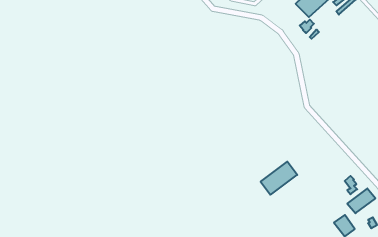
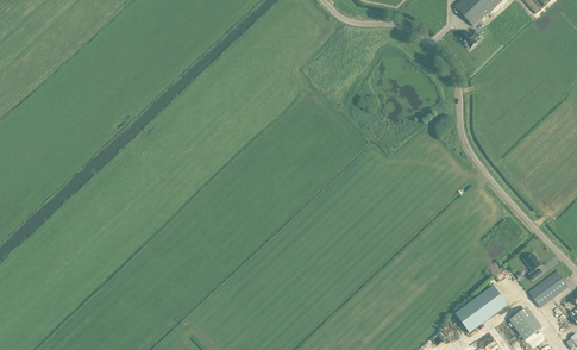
building: [261,162,297,195] -> [456,285,508,332]

